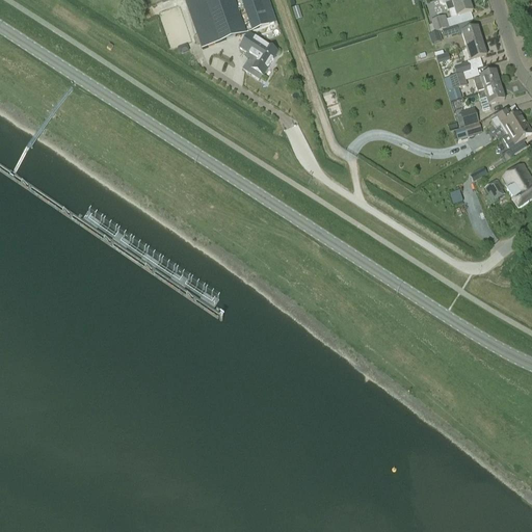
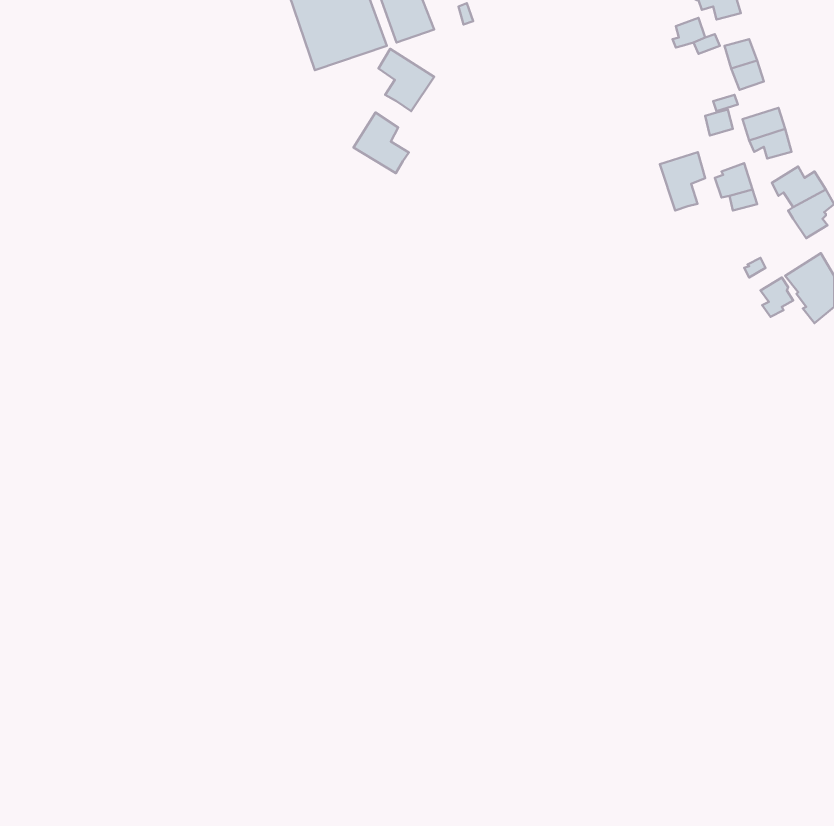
building: none -> [354,113,409,173]
building: none -> [660,152,705,211]

